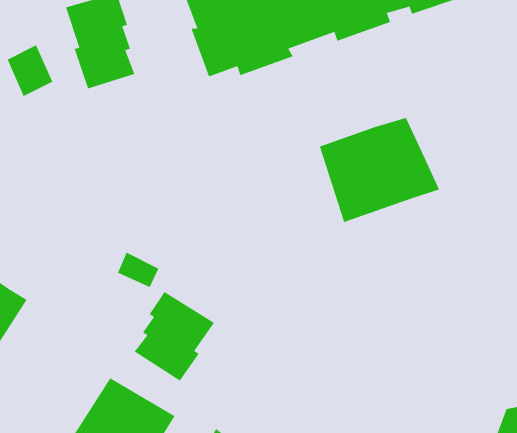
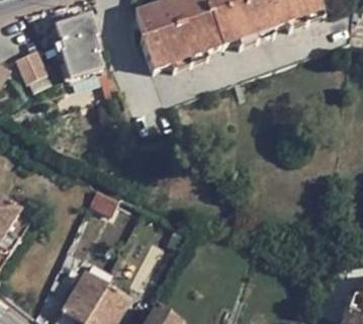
building: [319,117,440,223] -> none
building: [134,291,215,381] -> none

